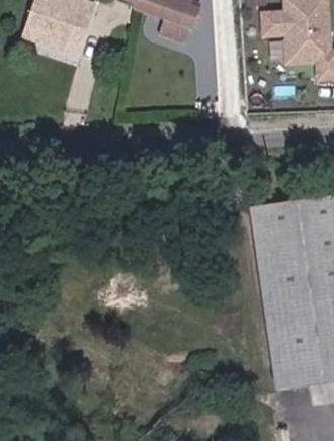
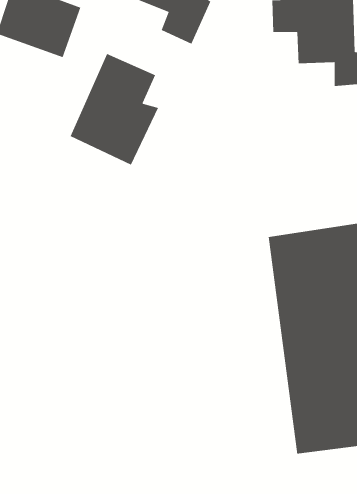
building: none -> [70,53,159,166]

